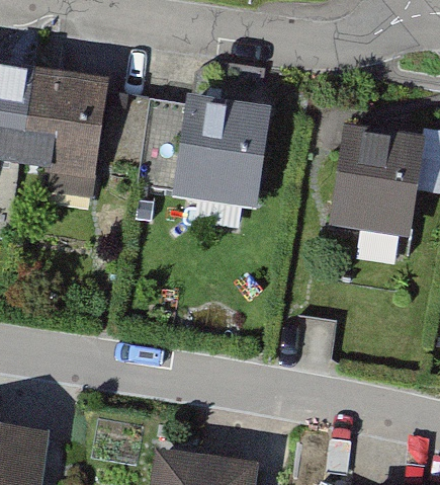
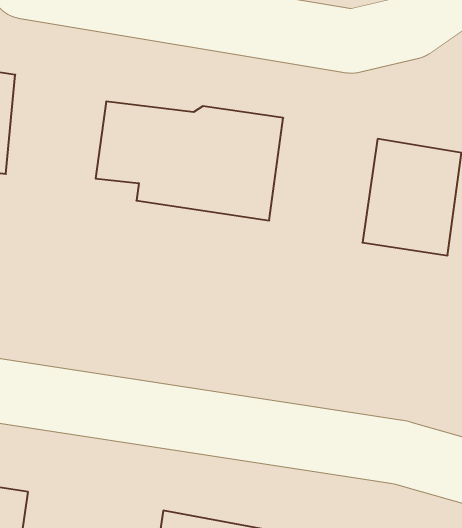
building: [25,75,105,196] -> none

